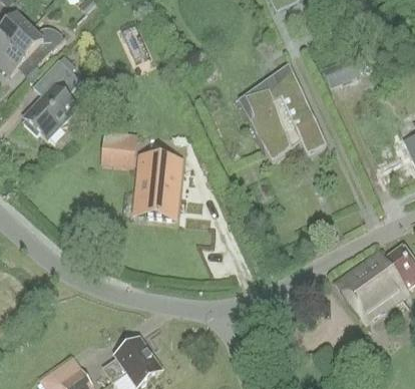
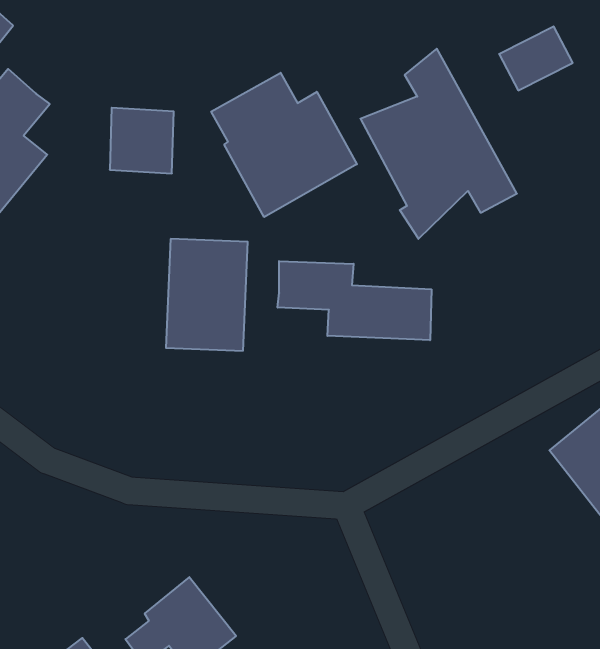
building: none -> [211,73,357,217]
building: [100,129,136,166] -> [110,108,174,173]
building: none -> [278,261,431,340]

